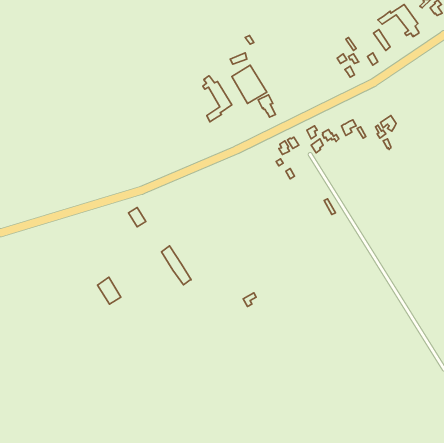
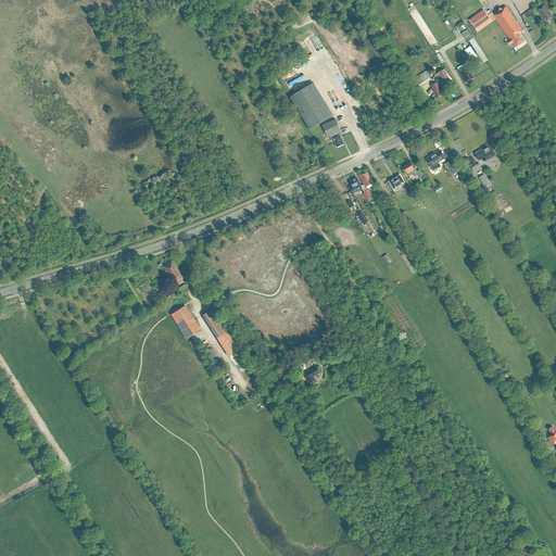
building: [203,76,232,122] -> none
building: [97,277,121,304] -> [170,304,200,338]

